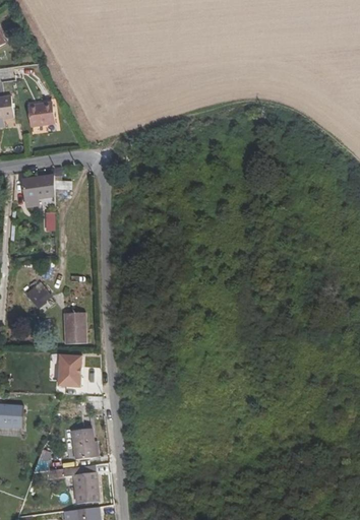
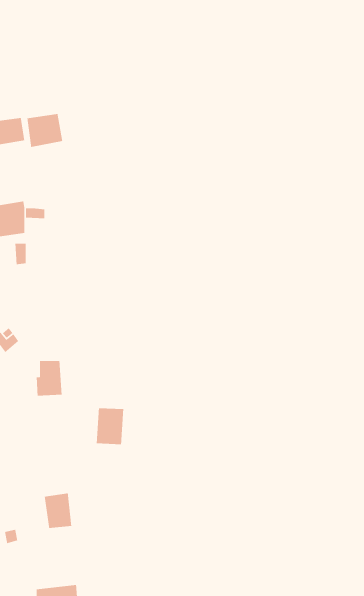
building: none -> [26,113,63,148]
building: [58,353,82,386] -> [96,407,124,445]
building: [63,463,98,503] -> none

